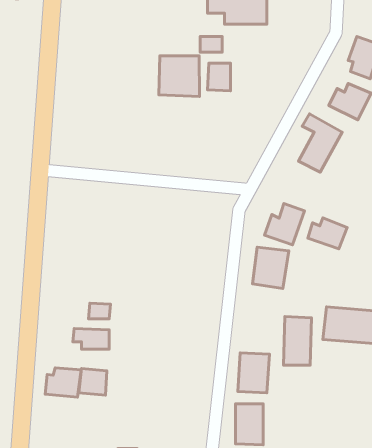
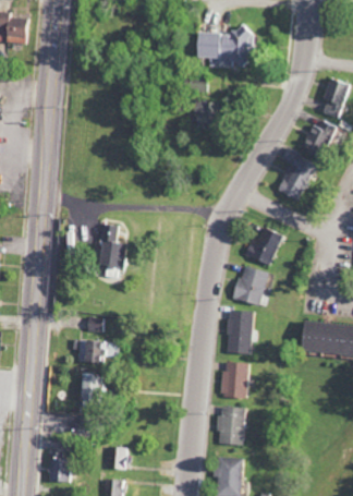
building: [159,56,199,96] -> none
building: none -> [96,223,127,269]
building: [308,218,347,249] -> none
building: [284,317,311,365] -> [227,310,252,353]
building: [45,368,81,397] -> none

